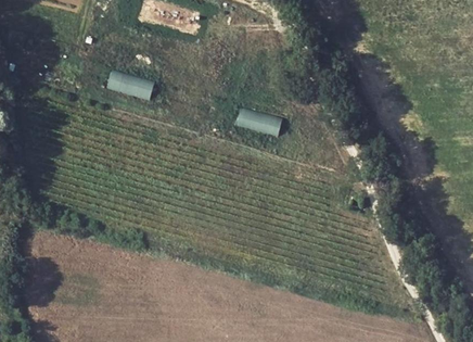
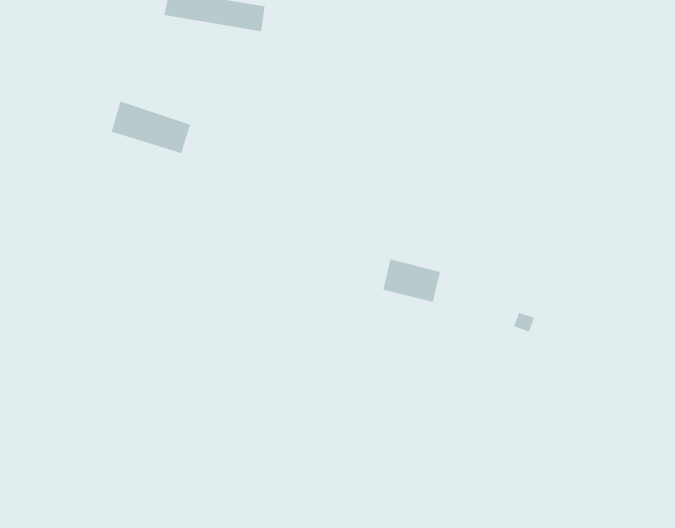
building: [245,109,280,135] -> [383,259,441,303]

